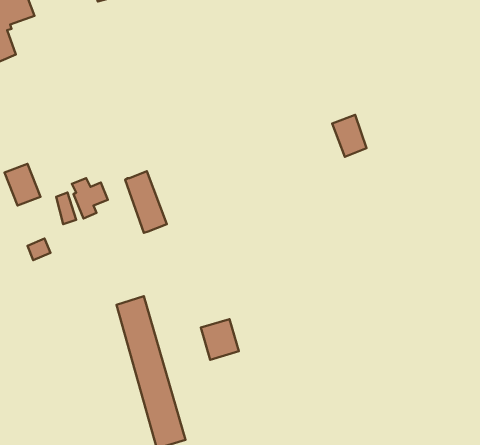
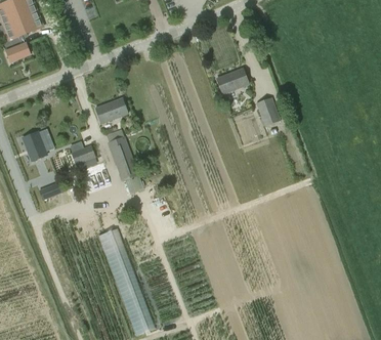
building: none -> [217,68,250,93]
building: none -> [96,97,129,123]
building: [201,319,239,360] -> none

